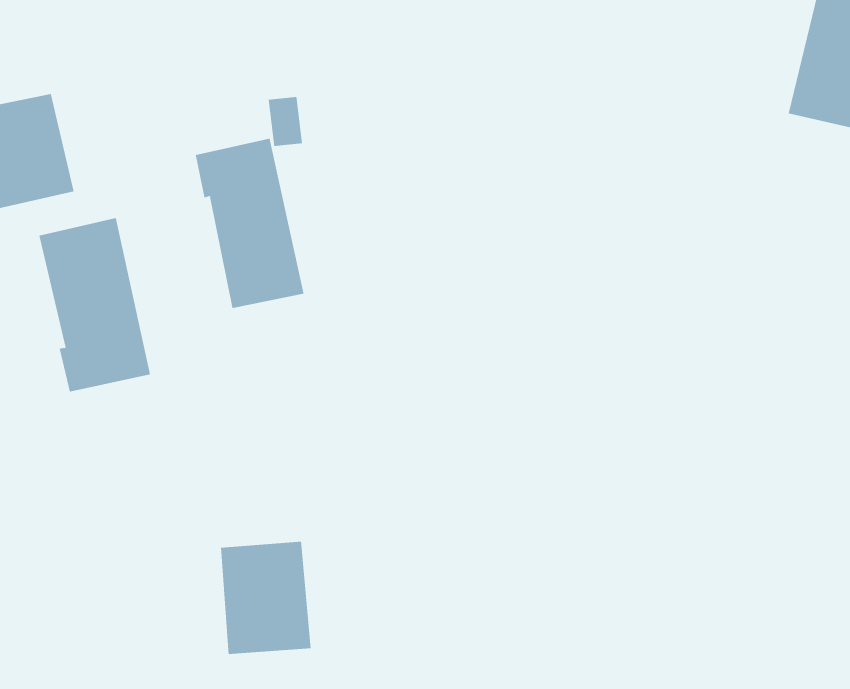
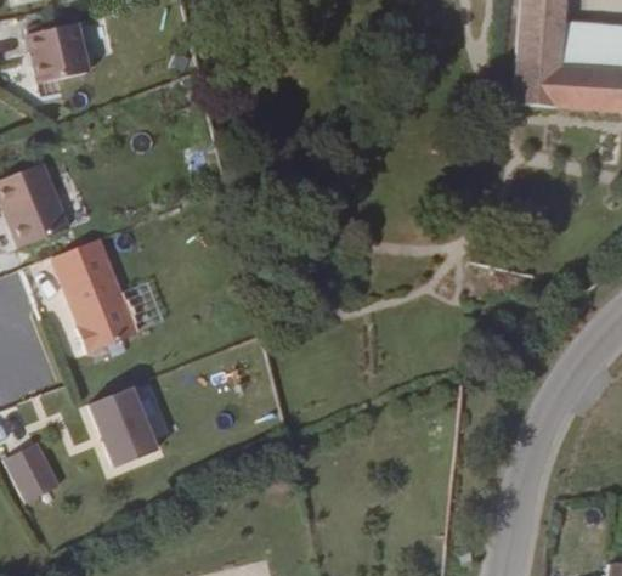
building: [195,138,304,309] -> none
building: [220,541,311,654] -> [80,389,148,468]

